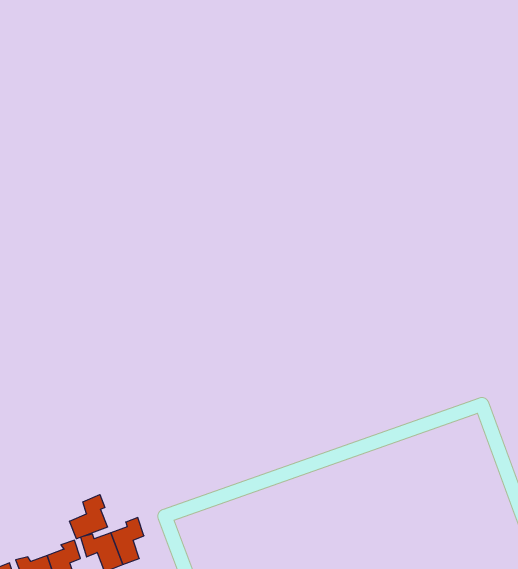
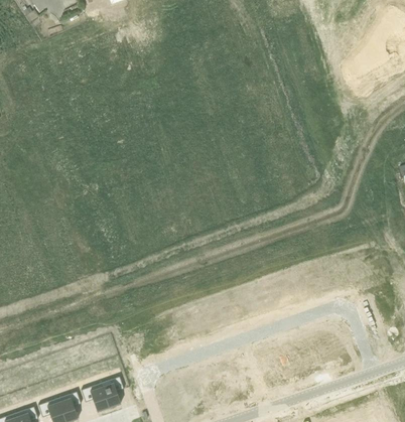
building: [70,495,107,539] -> none

